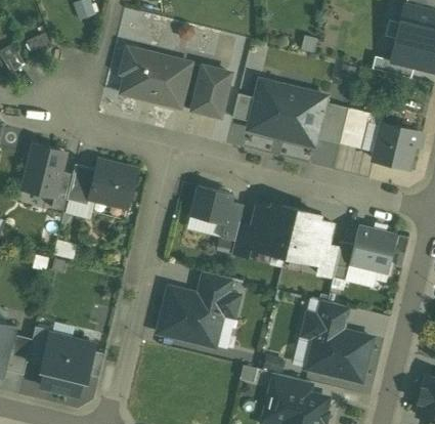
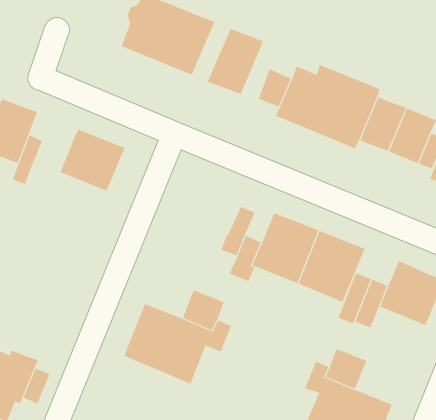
building: [66,164,95,206] -> none
building: [190,186,233,225] -> none

